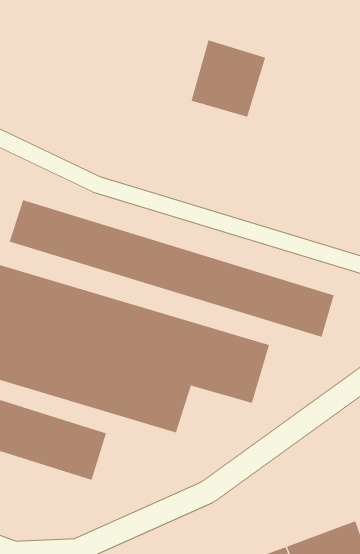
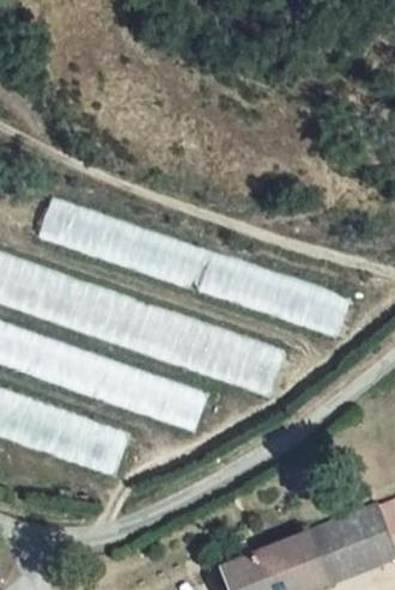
building: [191,40,266,118] -> none

